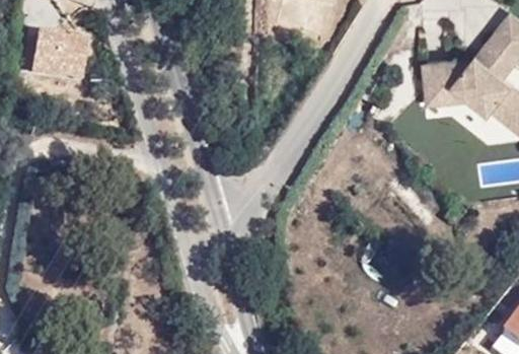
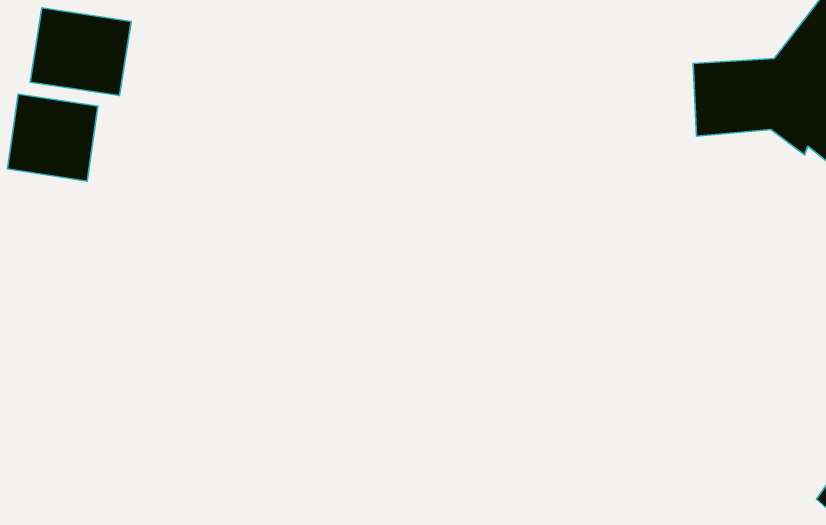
building: none -> [7,94,98,181]

